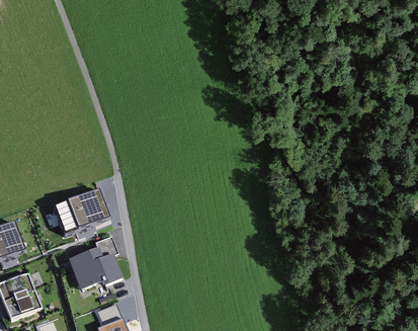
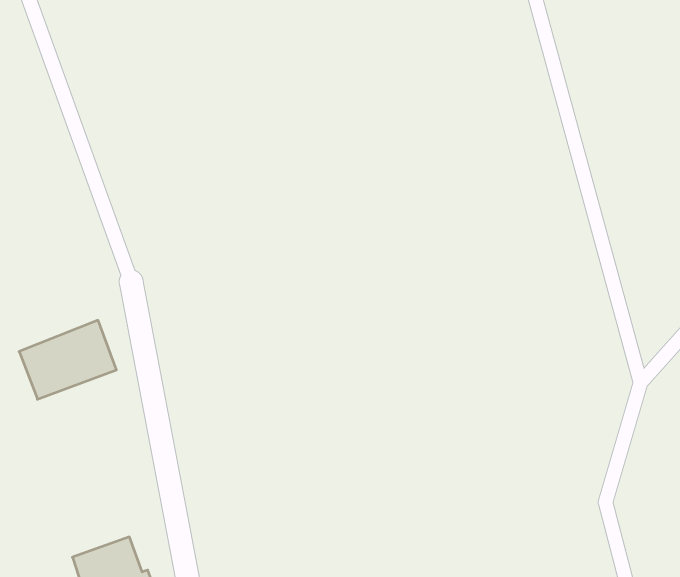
building: [71,249,118,283] -> none

